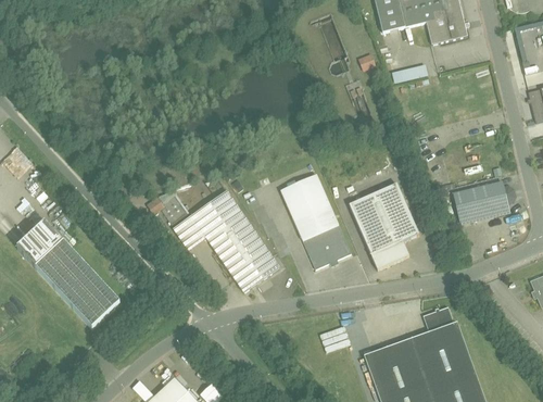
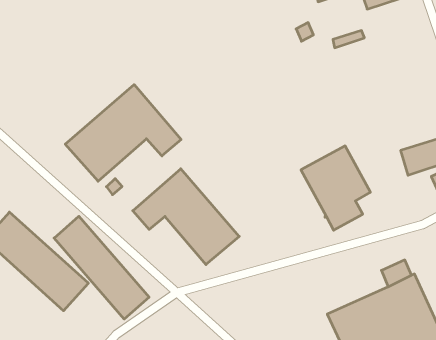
building: none -> [65,85,181,181]
building: [280,175,351,267] -> none
building: none -> [54,216,149,319]

